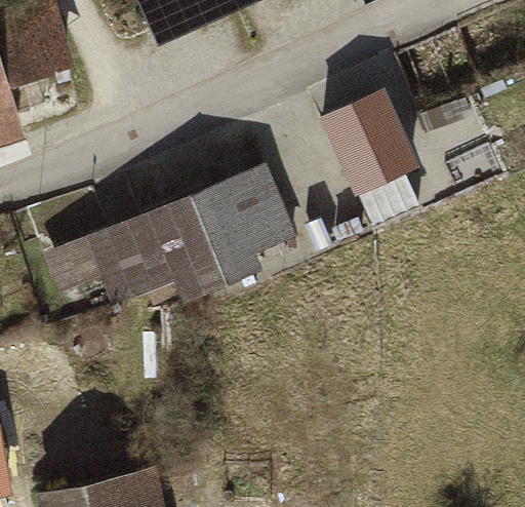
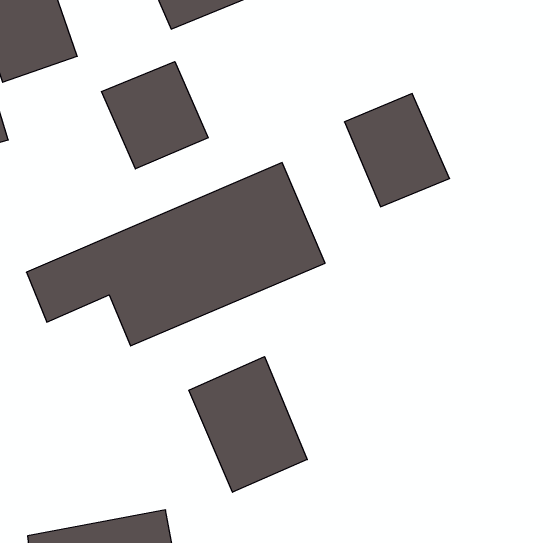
building: none -> [101,62,208,169]
building: none -> [189,357,307,492]

